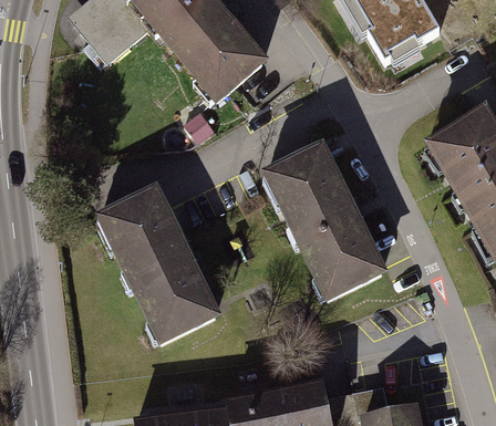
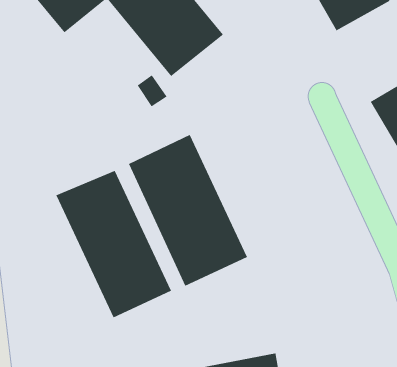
building: [262,150,384,305] -> [128,134,248,287]

